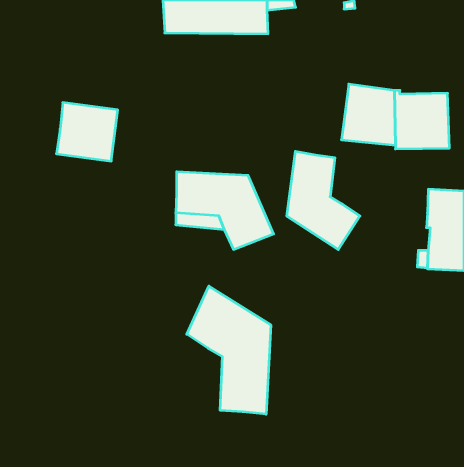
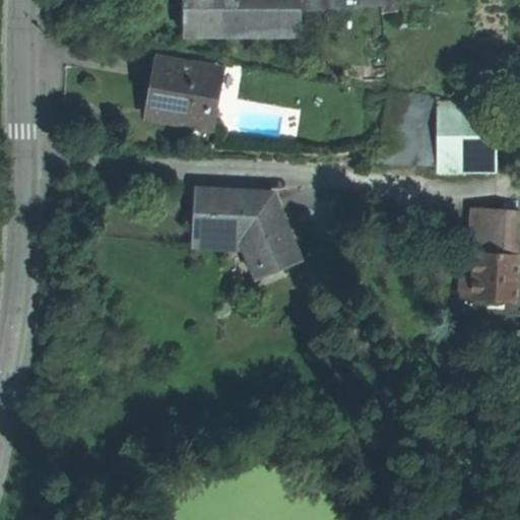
building: [56,103,118,161] -> [151,61,219,126]
building: [287,151,360,250] -> none
building: [187,286,271,414] -> none

